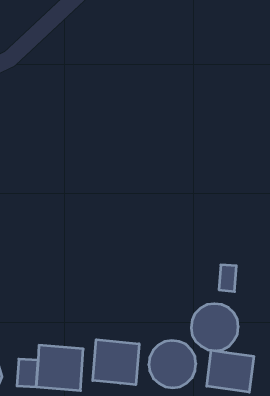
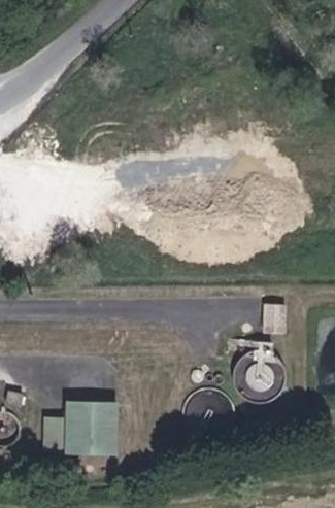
building: [93,340,139,385] -> none
building: [207,350,254,392] -> none

